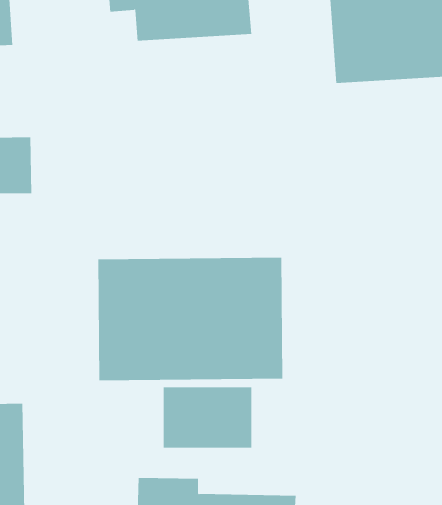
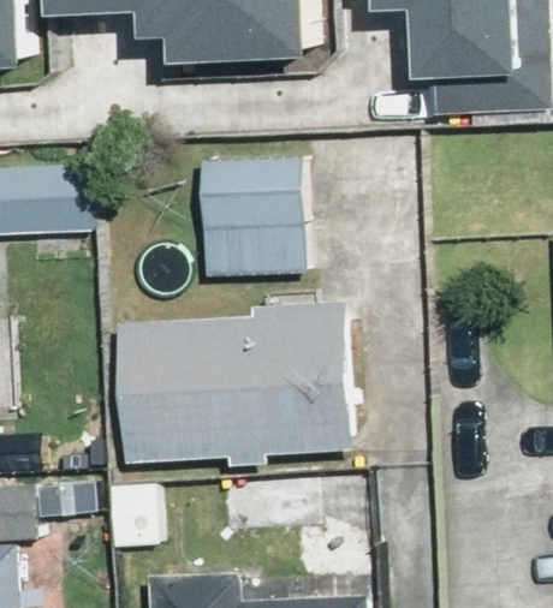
building: none -> [204,159,309,272]

